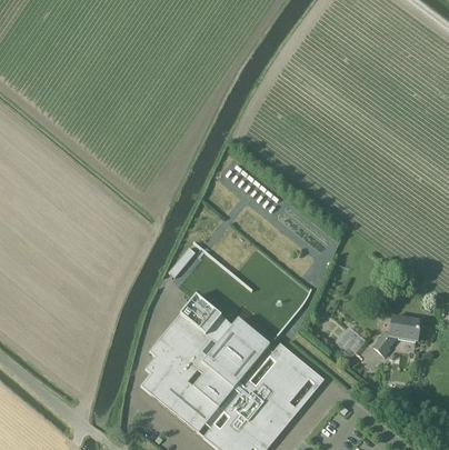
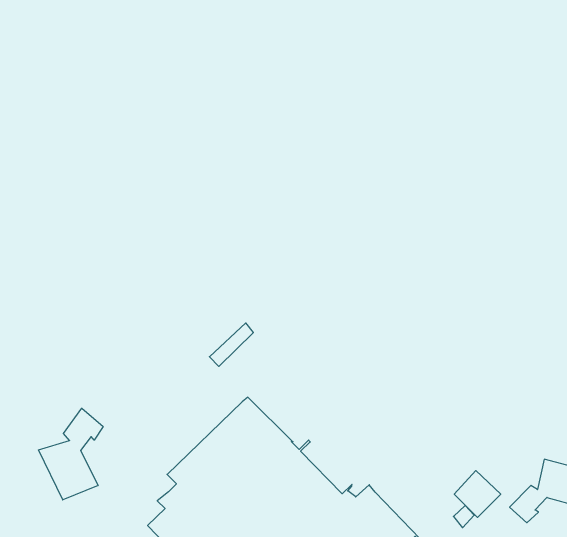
building: none -> [38,408,103,500]

